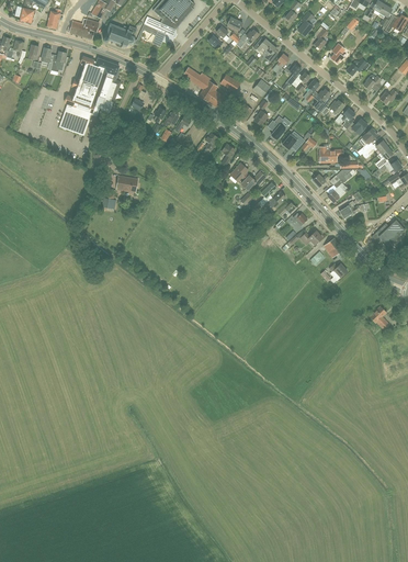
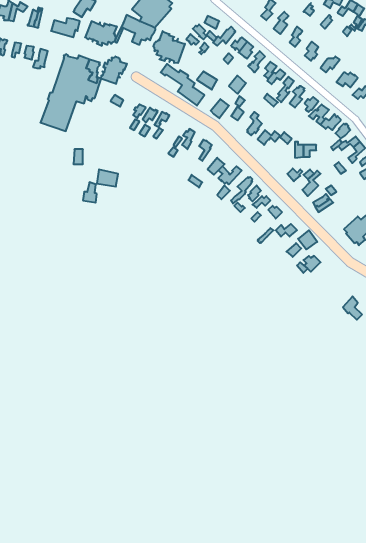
building: none -> [153,31,185,63]
building: none -> [101,56,127,84]

